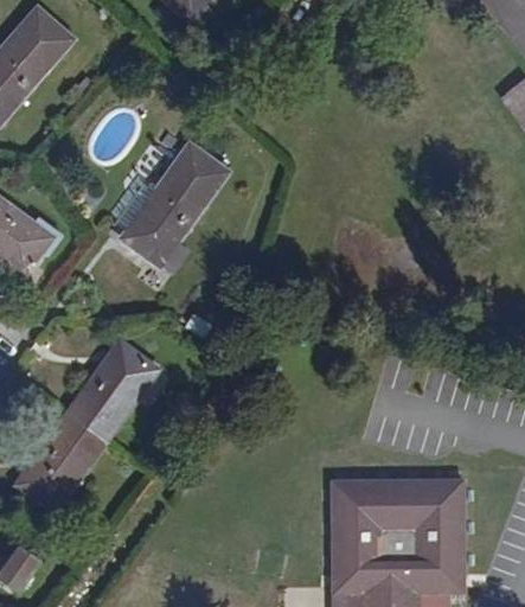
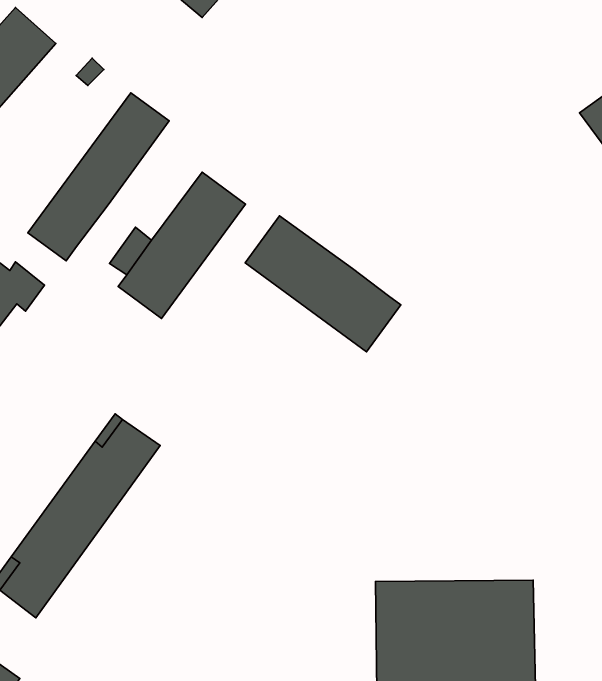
building: none -> [28,93,169,261]
building: none -> [245,216,401,352]

